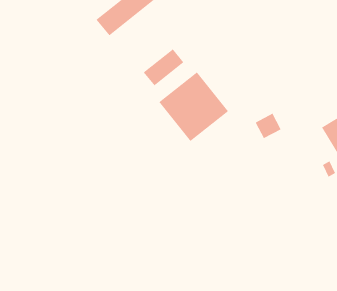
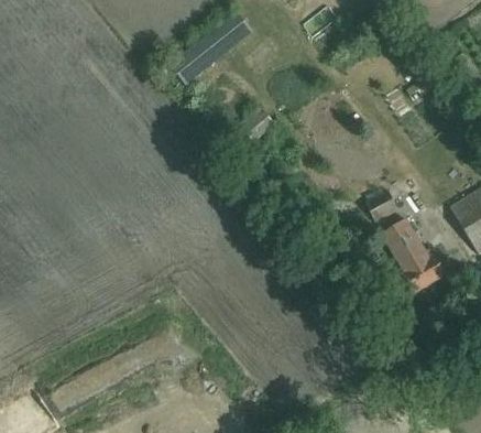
building: [159,71,229,142] -> none
building: none -> [380,218,446,294]

